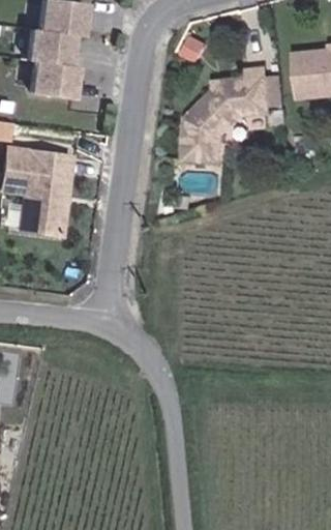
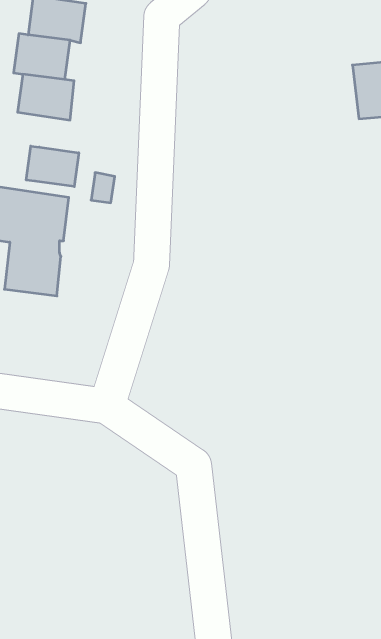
building: [184,76,273,179] -> none
building: none -> [26,146,79,187]

